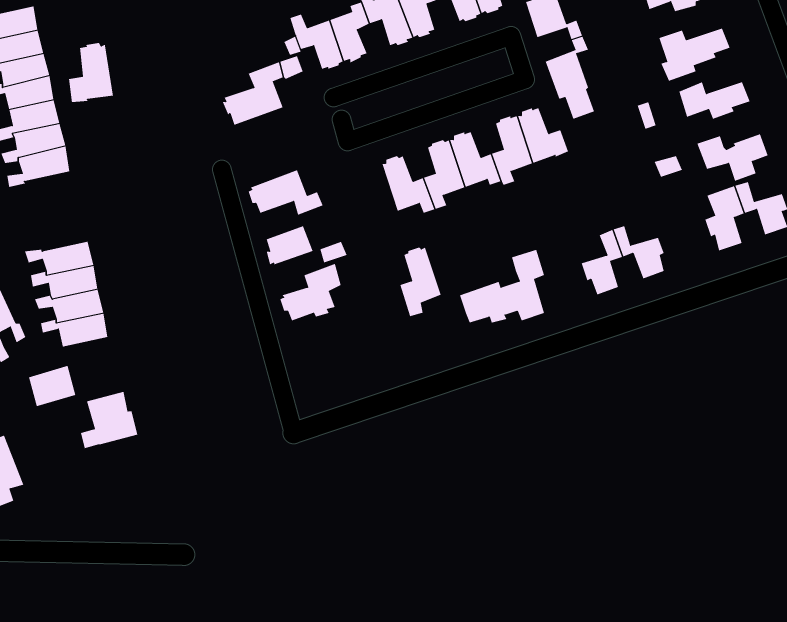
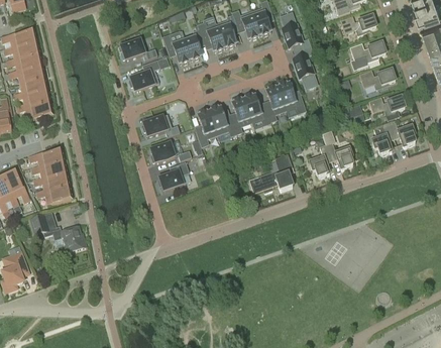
building: none -> [120,38,157,61]
building: [68,42,113,103] -> none
building: [400,247,441,317] -> [196,111,217,146]

